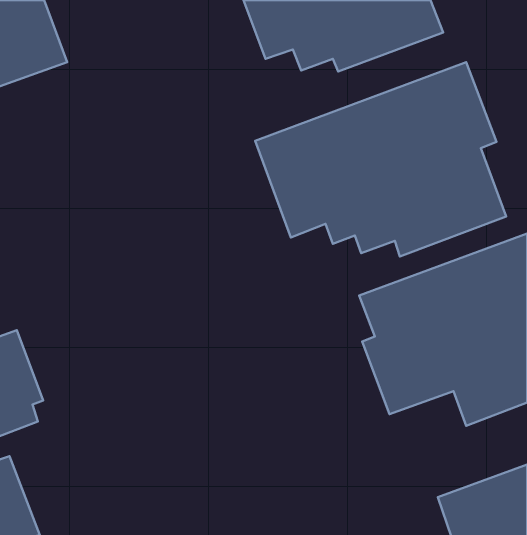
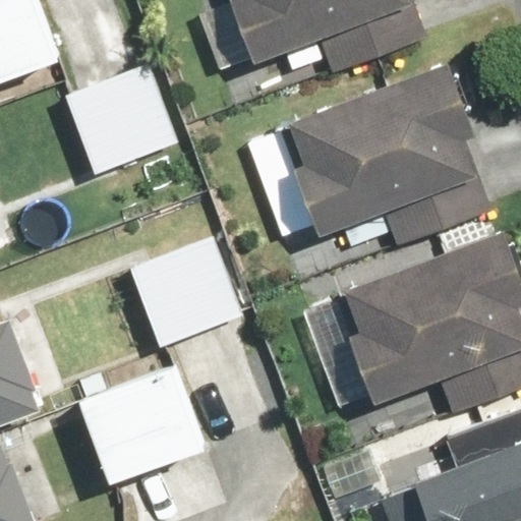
building: none -> [64,65,175,174]
building: none -> [126,240,243,350]
building: none -> [86,361,205,477]

